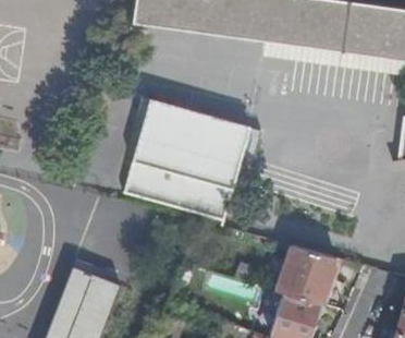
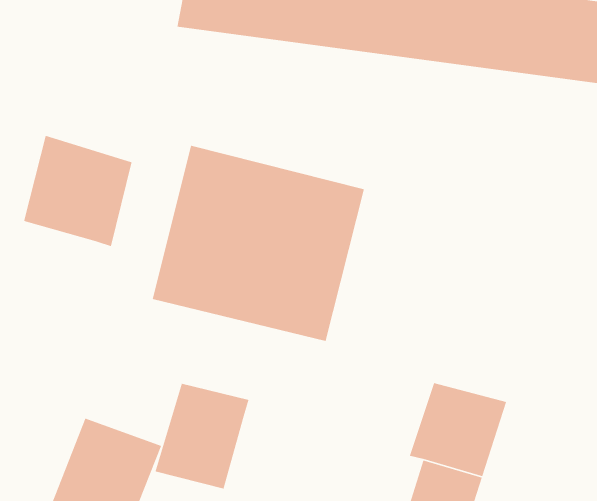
building: none -> [23,135,132,247]
building: none -> [154,383,250,489]

